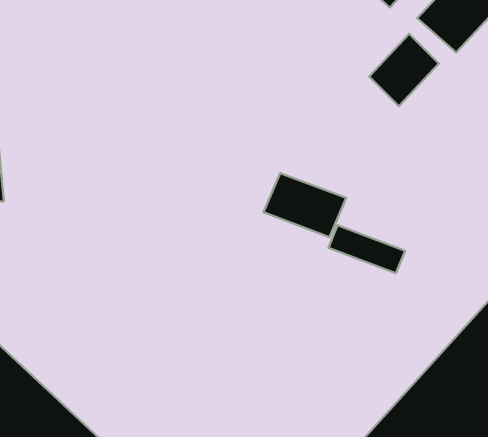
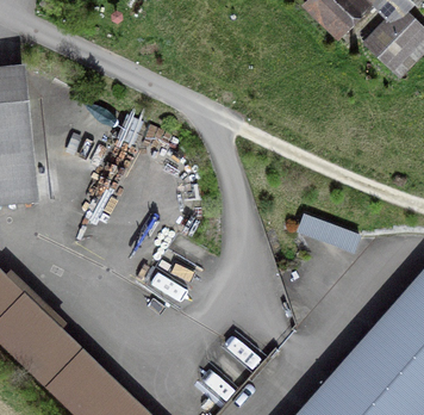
building: [369,34,439,106] -> none
building: [264,173,346,237] -> none

